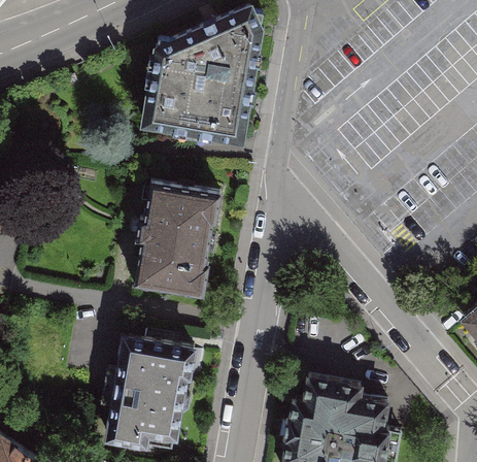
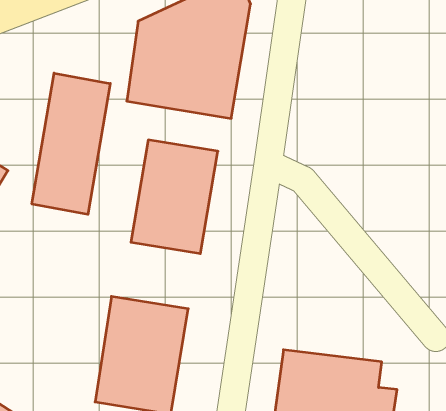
building: none -> [32,73,110,214]

